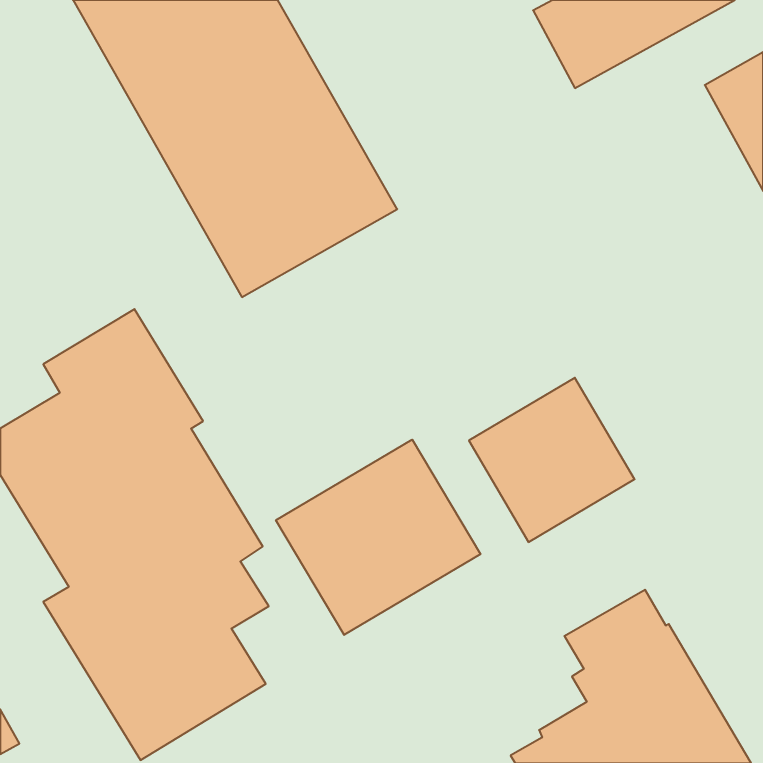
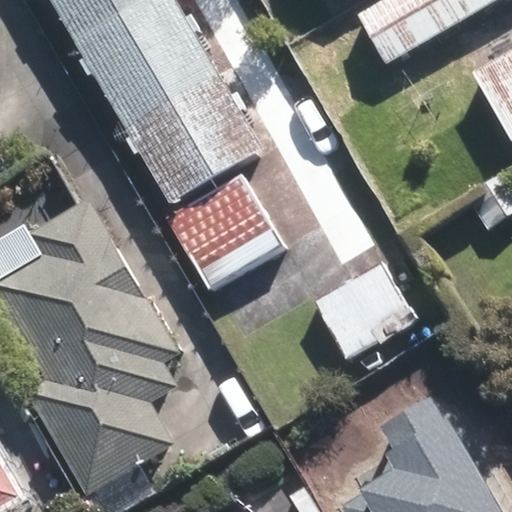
building: none -> [178,165,300,286]
building: [276,440,480,635] -> none

